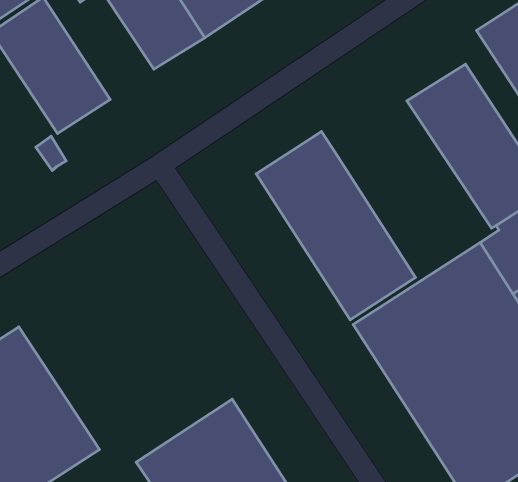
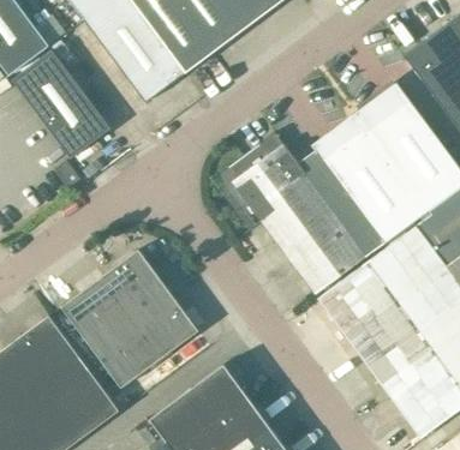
building: none -> [298,116,425,257]
building: none -> [61,250,199,388]

